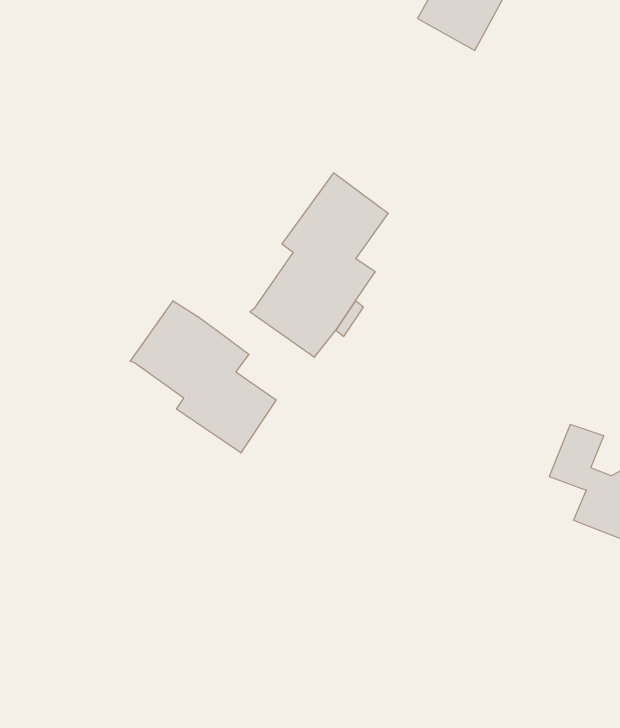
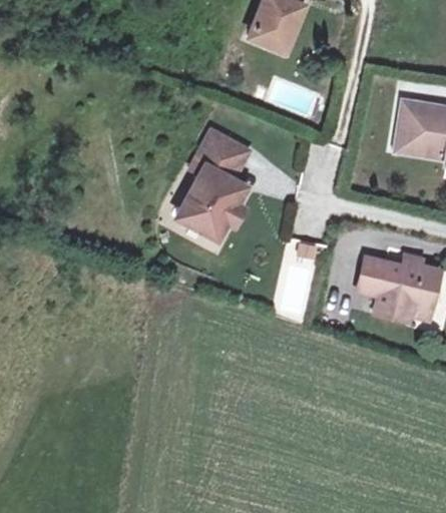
building: [130,301,276,453] -> none

